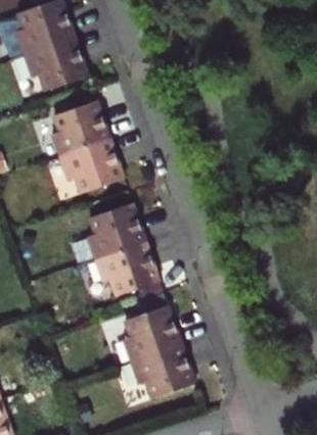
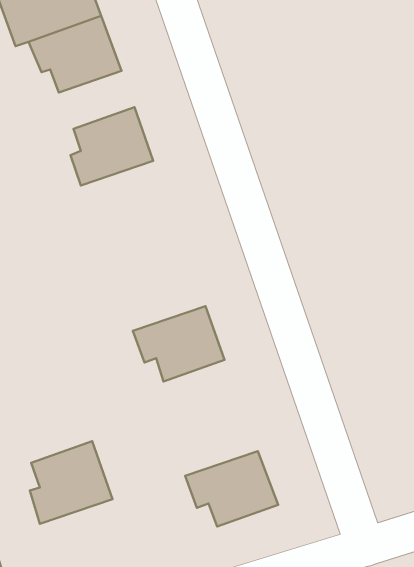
building: [60,139,126,193] -> none
building: [89,201,148,258] -> none
building: [127,302,185,360] -> [30,441,113,524]

